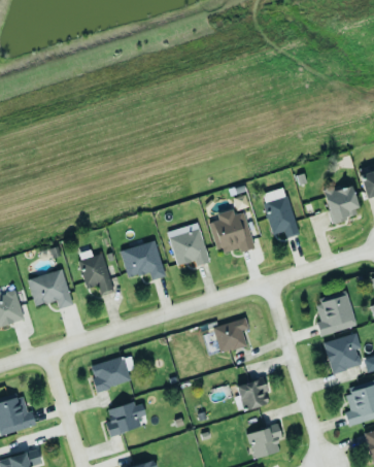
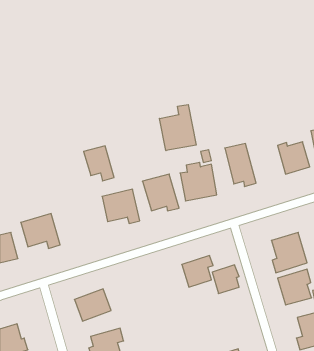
building: none -> [159,105,196,151]
building: [78,254,113,294] -> [84,146,114,181]
building: [237,377,268,410] -> [212,265,239,294]

